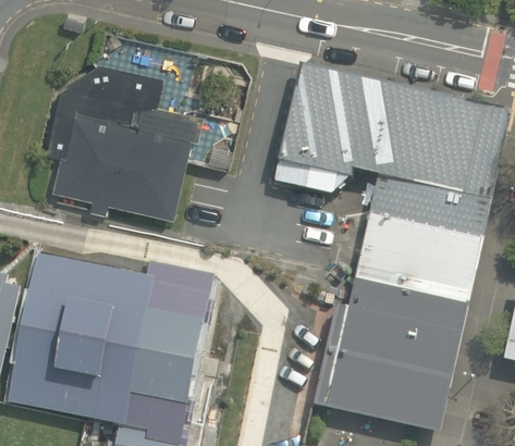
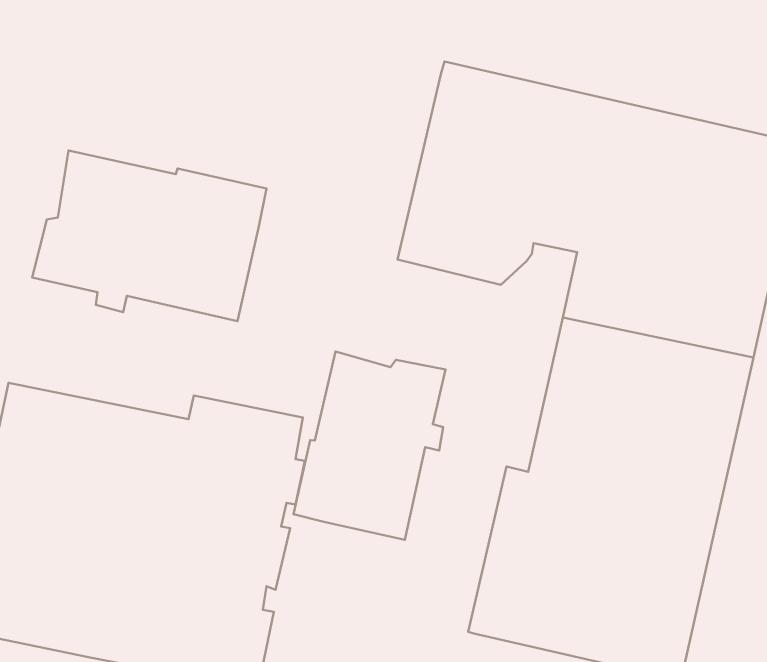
building: [47,62,201,156] -> none
building: none -> [293,351,445,540]

